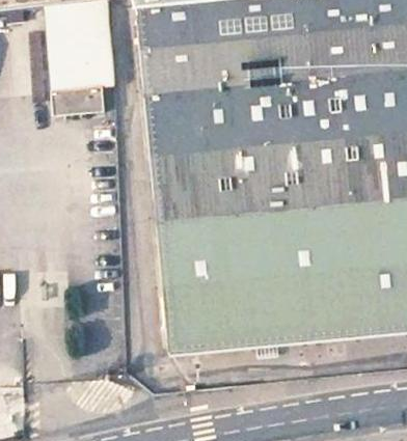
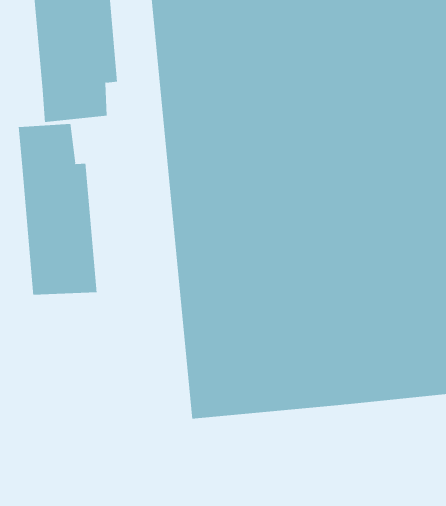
building: none -> [18,123,97,295]

